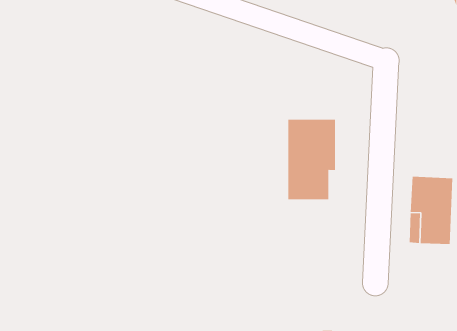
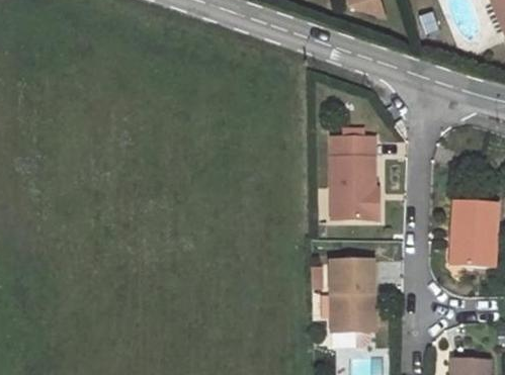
building: none -> [336,261,372,335]

